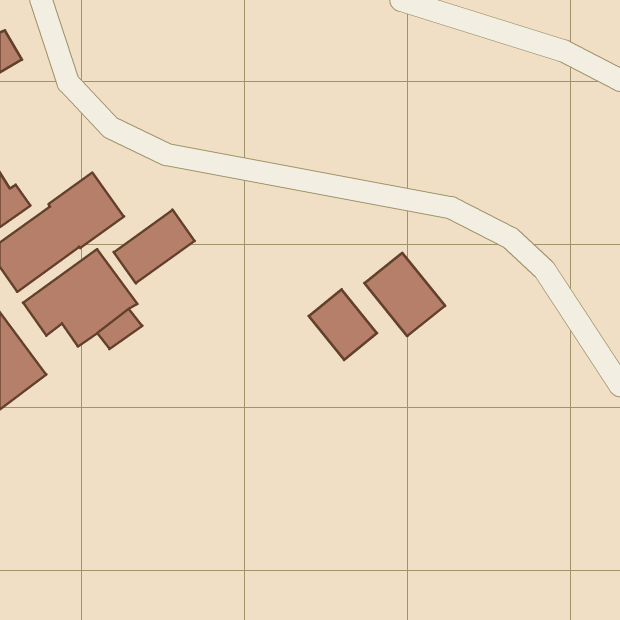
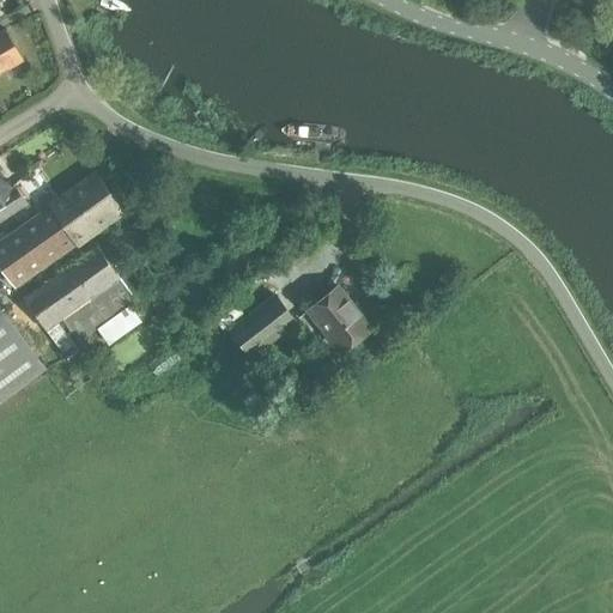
building: [114,210,195,283] -> none
building: [364,253,445,336] -> none
building: none -> [226,293,297,360]

